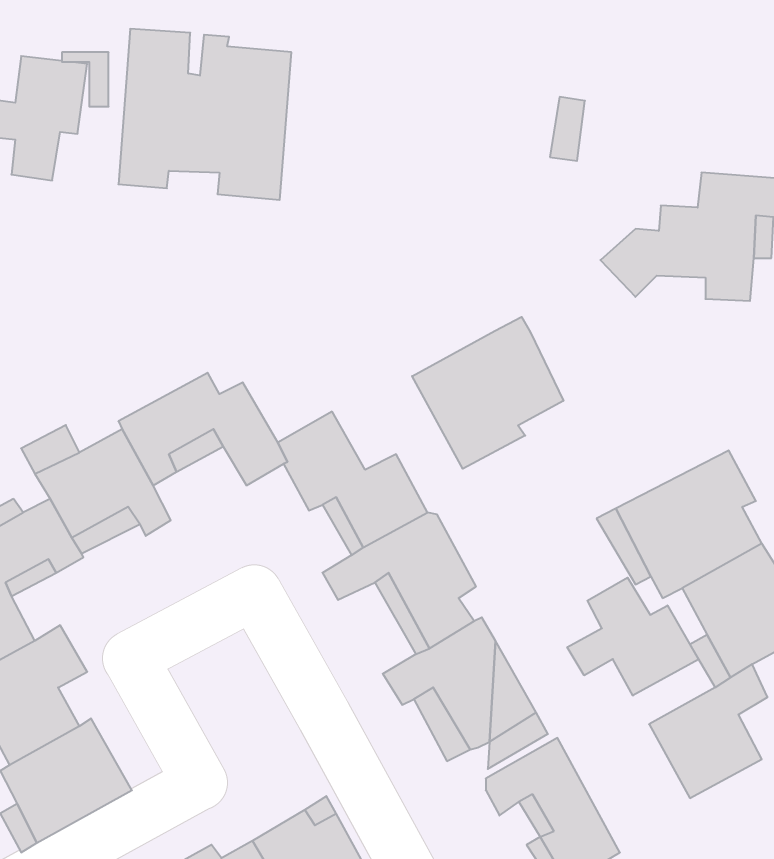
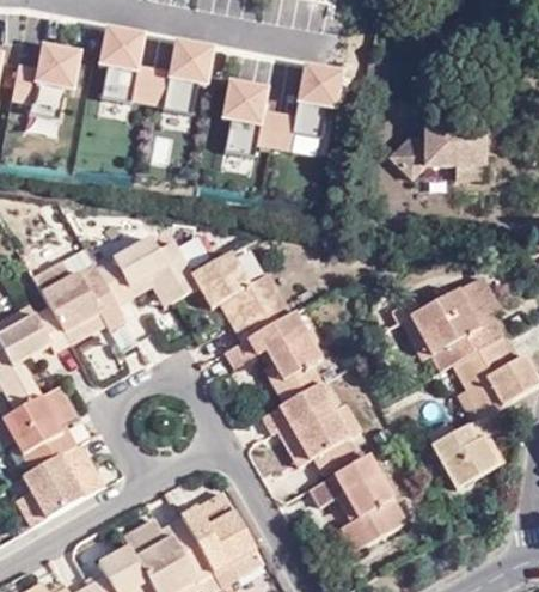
building: none -> [219,54,338,147]
building: [412,317,563,469] -> none
building: [567,578,698,696] -> none

